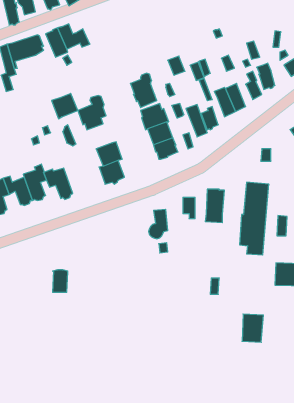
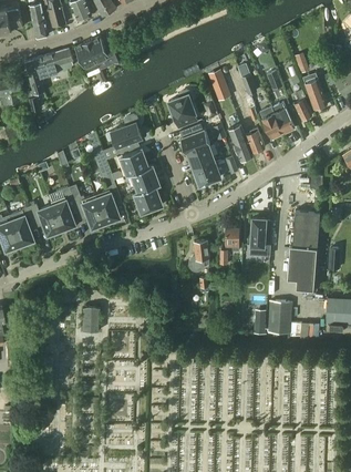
building: [52,93,78,119] -> [120,148,148,176]
building: none -> [95,184,121,224]
building: [242,314,263,342] -> [269,301,292,332]

